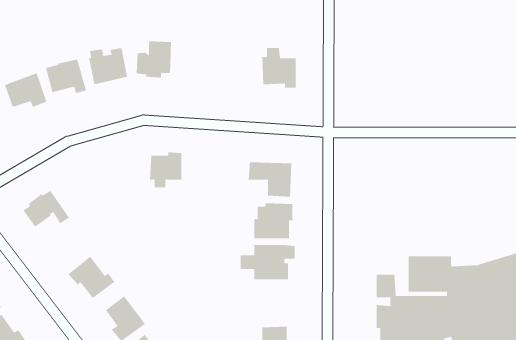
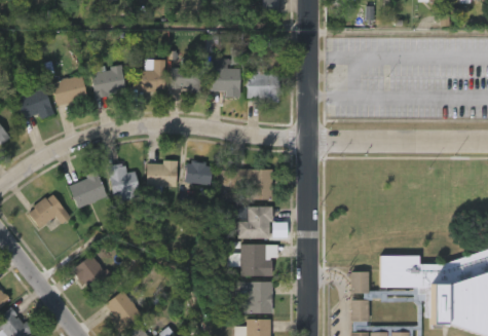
building: none -> [171,67,201,92]
building: none -> [210,70,240,98]
building: none -> [183,161,212,187]
building: none -> [107,164,139,201]
building: none -> [71,172,108,209]
building: none -> [235,282,272,313]

